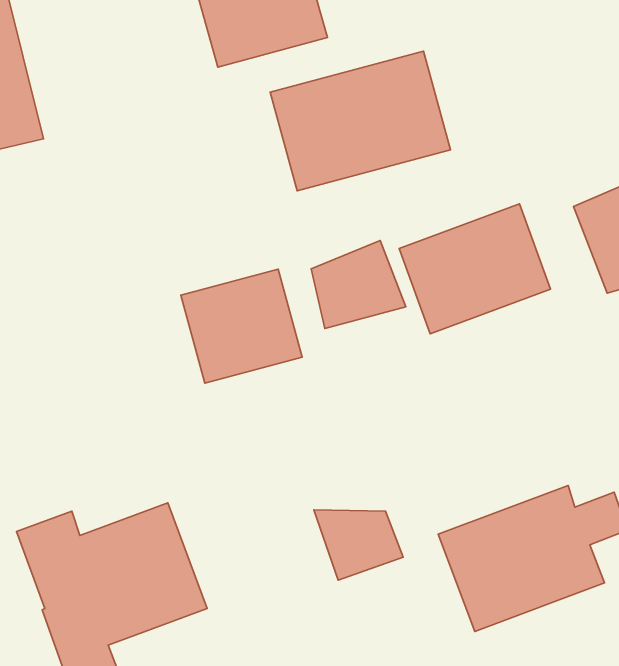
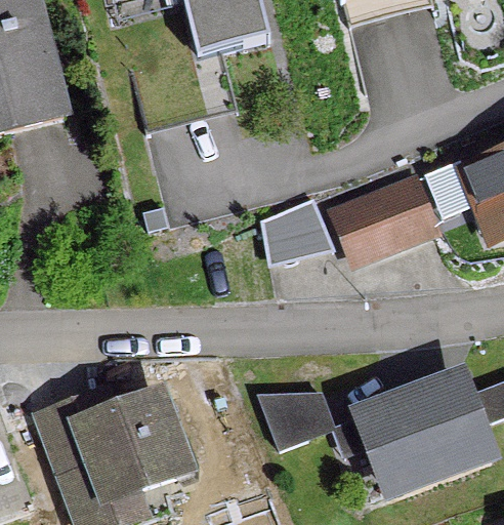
building: [270,51,451,191] -> none
building: [181,269,302,383] -> none

